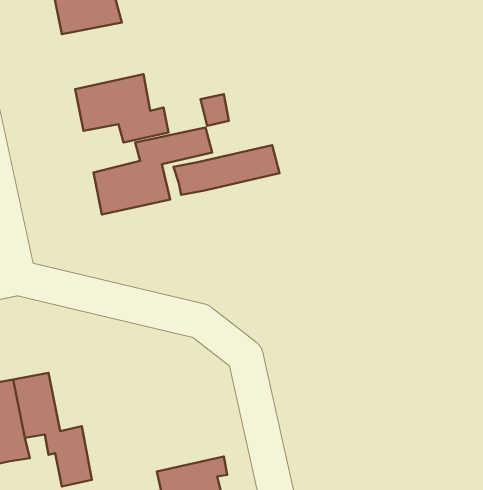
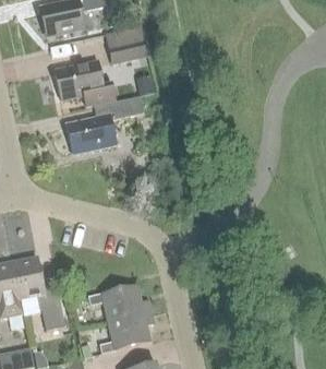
building: none -> [105,25,140,62]
building: [174,145,280,195] -> none
building: none -> [87,283,150,320]

